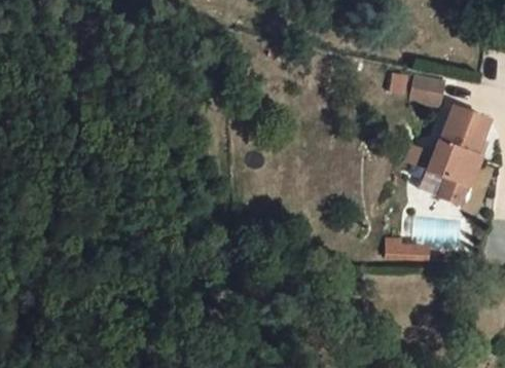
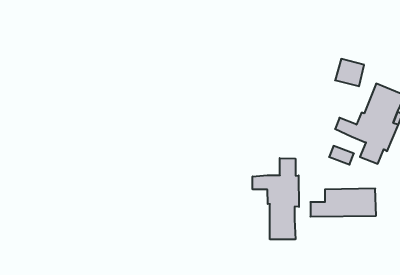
building: none -> [253,158,299,239]

